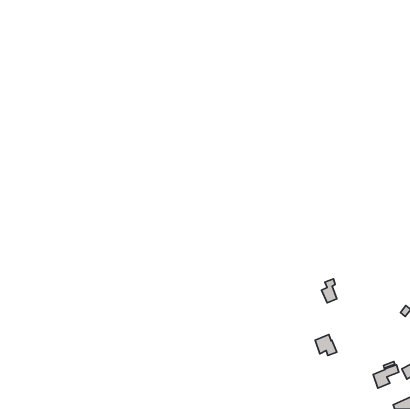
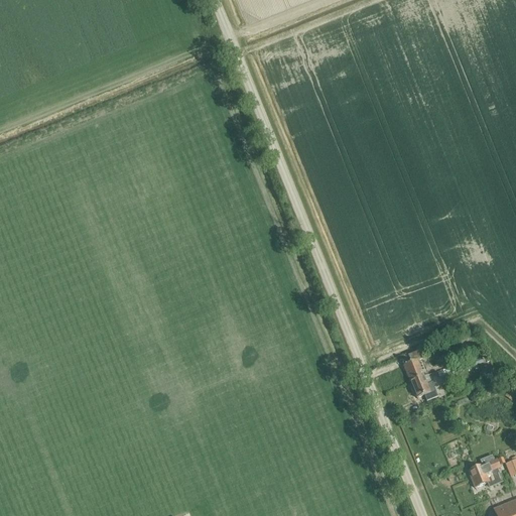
building: [315,335,337,355] -> [411,373,438,399]

